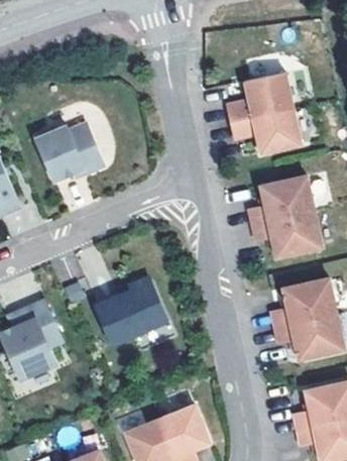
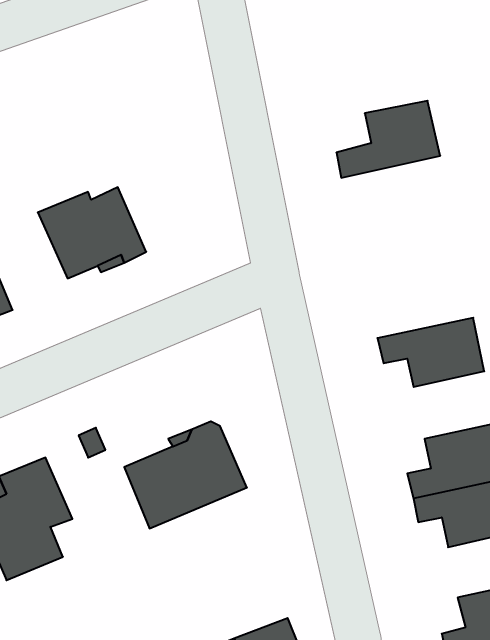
building: [230,107,302,153] -> none
building: [250,176,315,224] -> none

